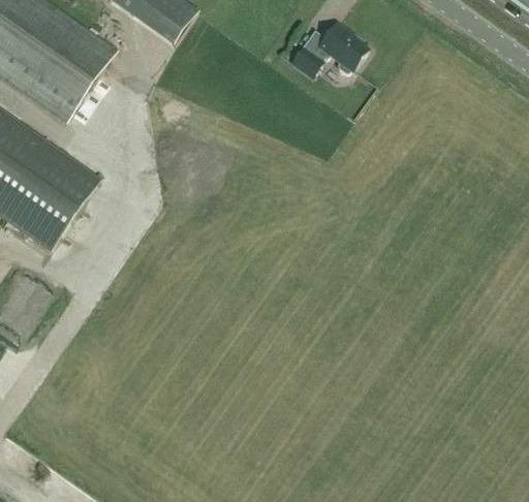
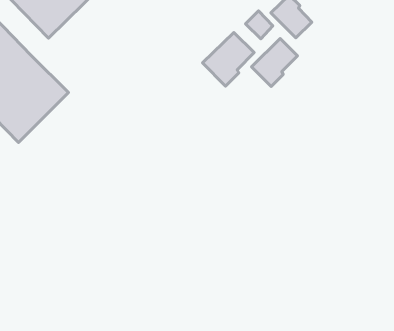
building: none -> [251,39,298,87]
building: none -> [203,32,254,86]

